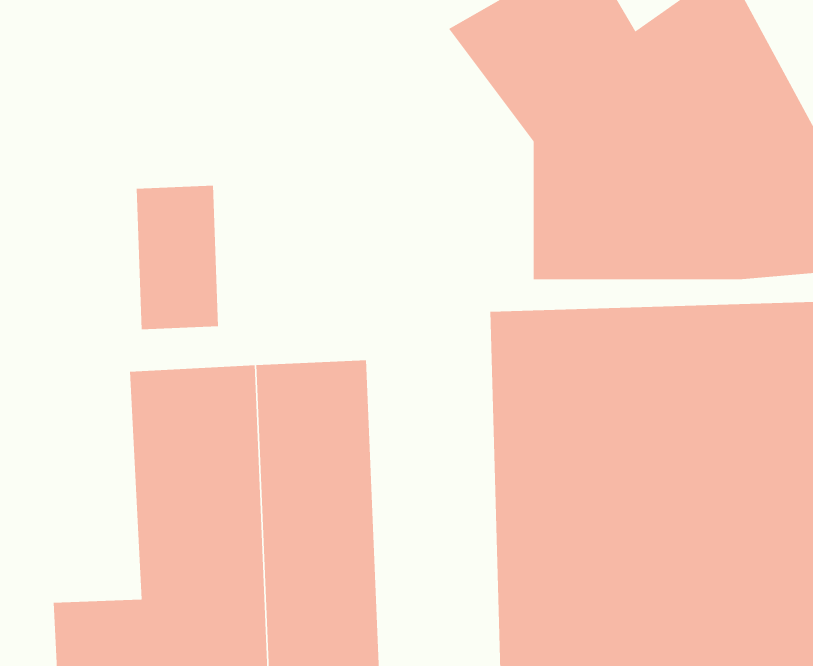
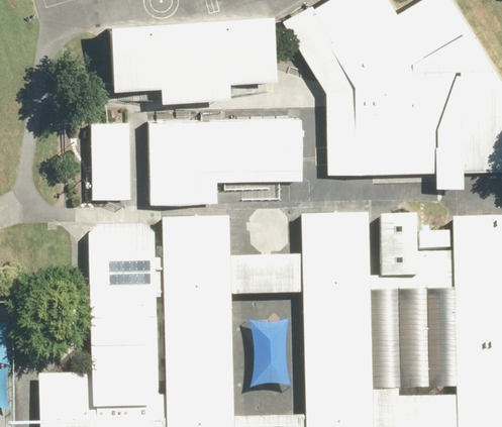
building: none -> [92,19,275,86]
building: none -> [156,107,303,207]

